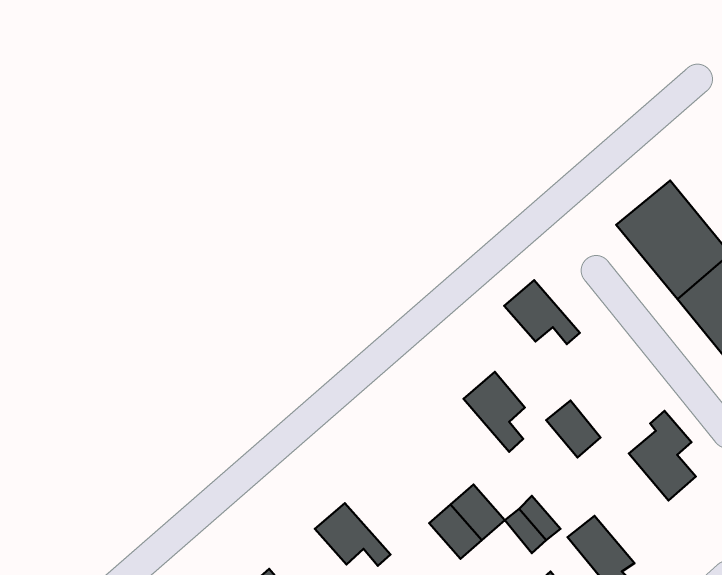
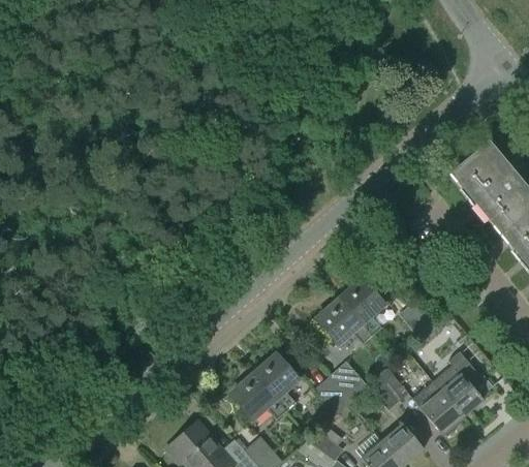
building: [504,280,580,344] -> [317,299,372,345]
building: [629,411,696,501] -> [434,352,483,417]
building: none -> [253,354,298,411]

